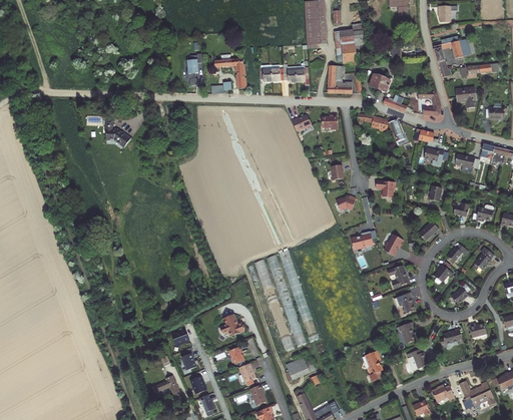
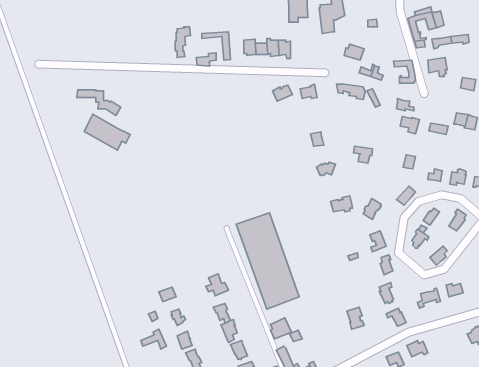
building: [326,66,352,93] -> none
building: none -> [84,114,130,150]
building: [456,377,492,406] -> none

